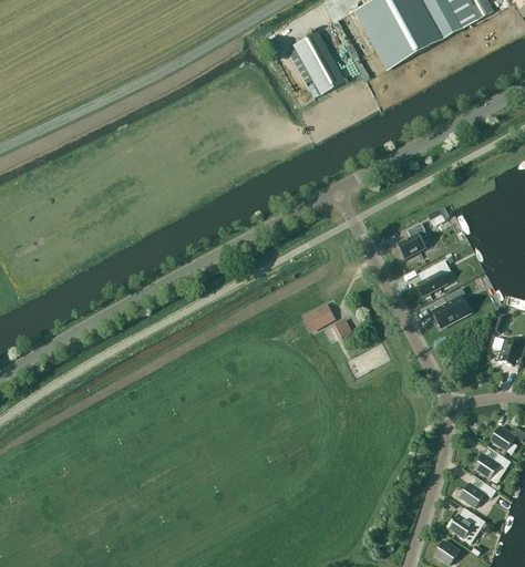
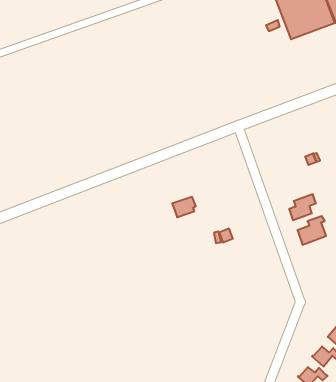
building: [291,31,342,94] -> none
building: [395,221,426,259] -> none
building: [301,302,332,331] -> [172,197,196,217]

